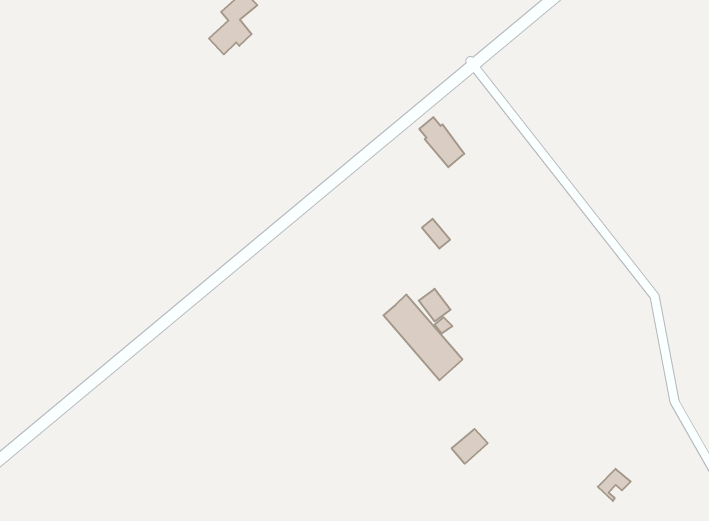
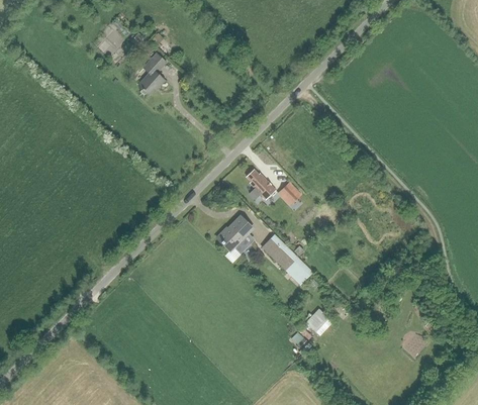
building: [419,117,464,167] -> [246,168,275,198]
building: none -> [217,215,252,250]

